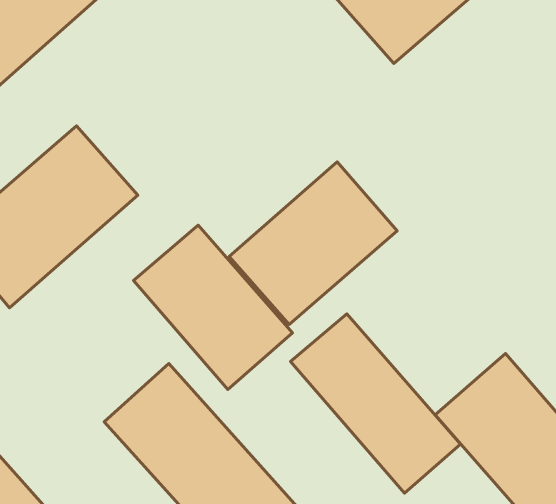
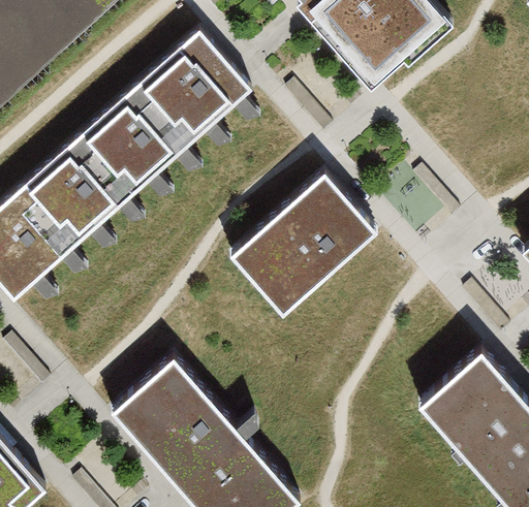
building: none -> [81,26,261,198]
building: [134,225,292,389] -> none
building: [291,314,461,493] -> none

